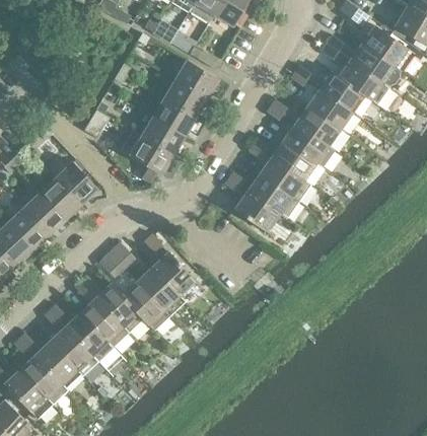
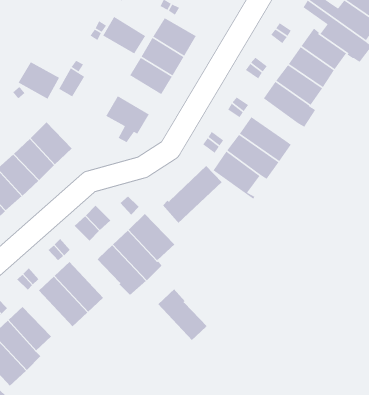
building: none -> [18,61,60,100]
building: [141,117,184,154] -> [102,16,146,55]
building: [271,139,315,179] -> none
building: none -> [162,165,222,224]
building: [94,282,143,333] -> [157,289,207,341]
building: [49,325,97,376] -> none

